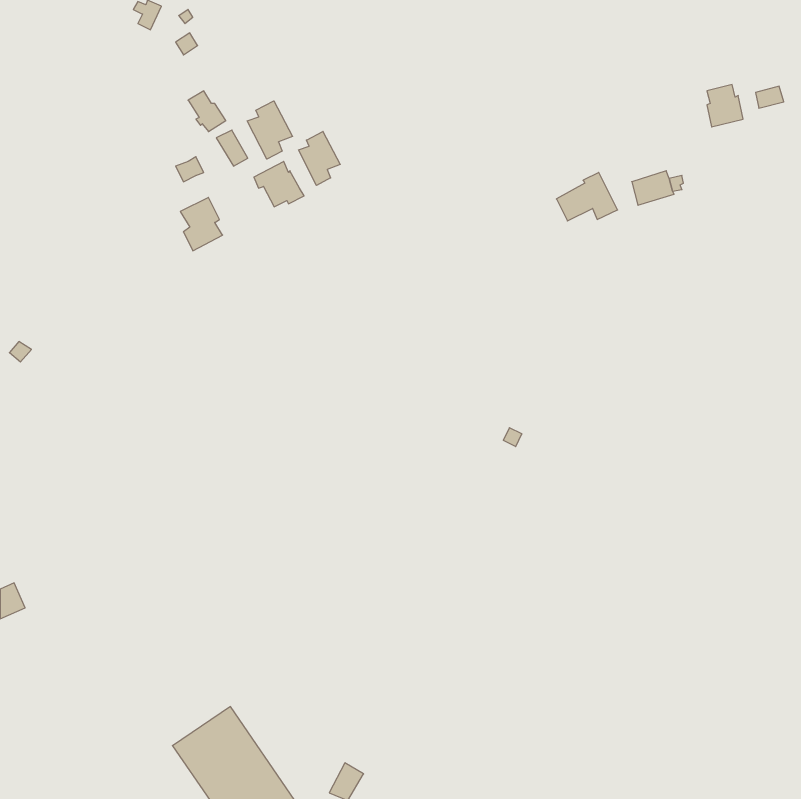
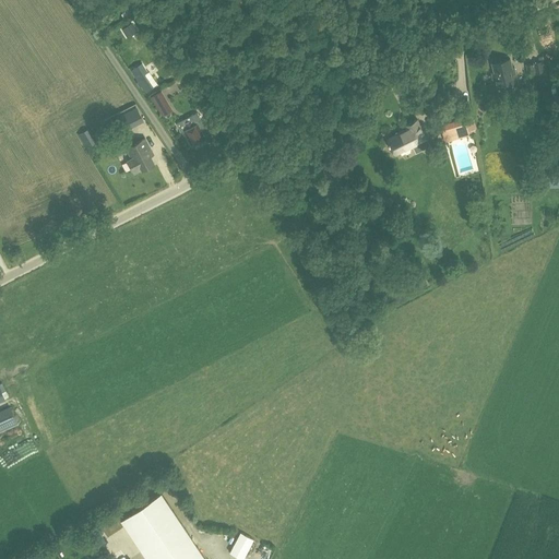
building: [247,101,293,159] -> none
building: [299,131,340,185] -> none

